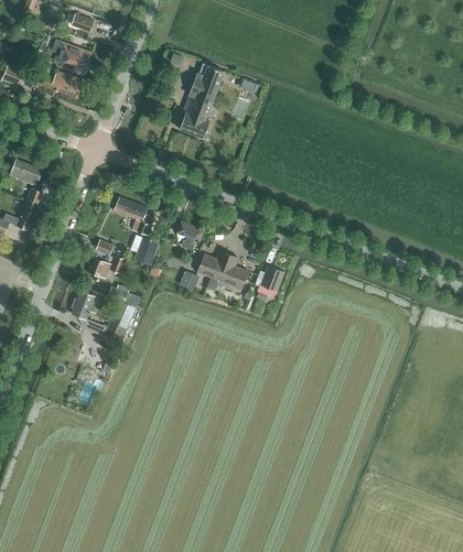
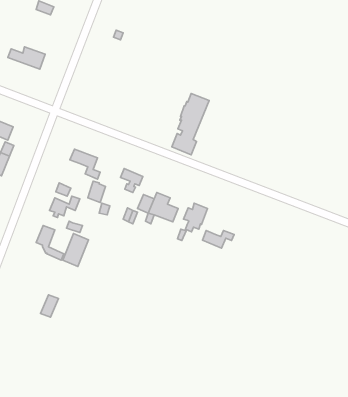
building: [55,42,93,75] -> none
building: [179,62,225,138] -> [172,93,209,155]
building: none -> [202,230,234,248]

